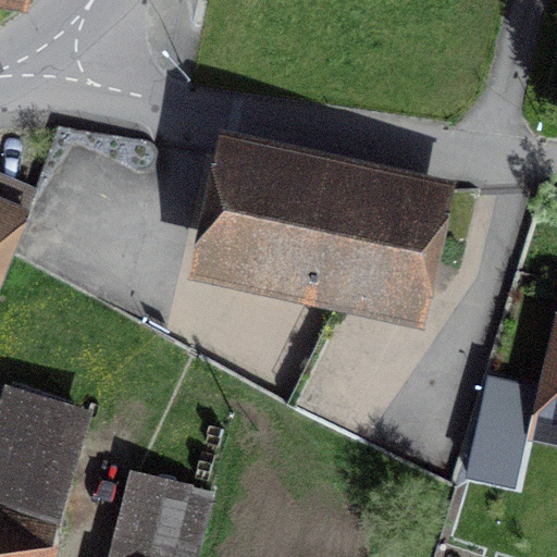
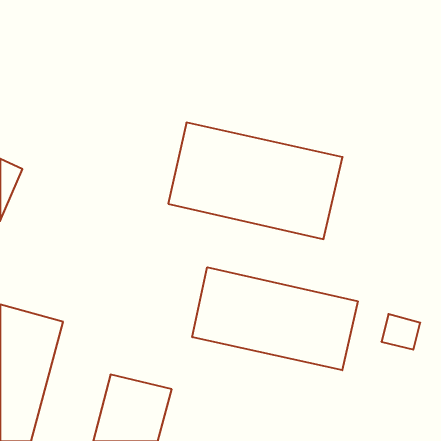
building: none -> [192,267,358,370]

